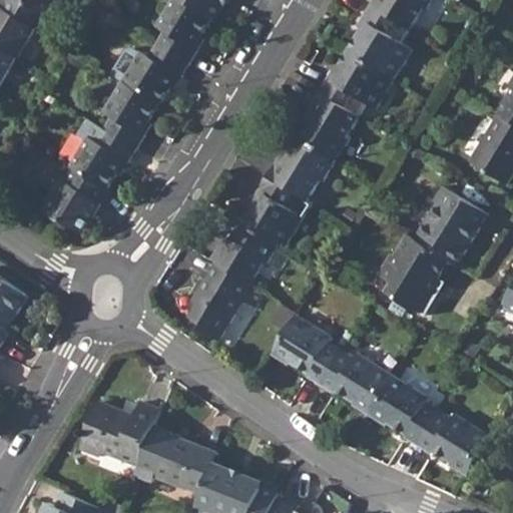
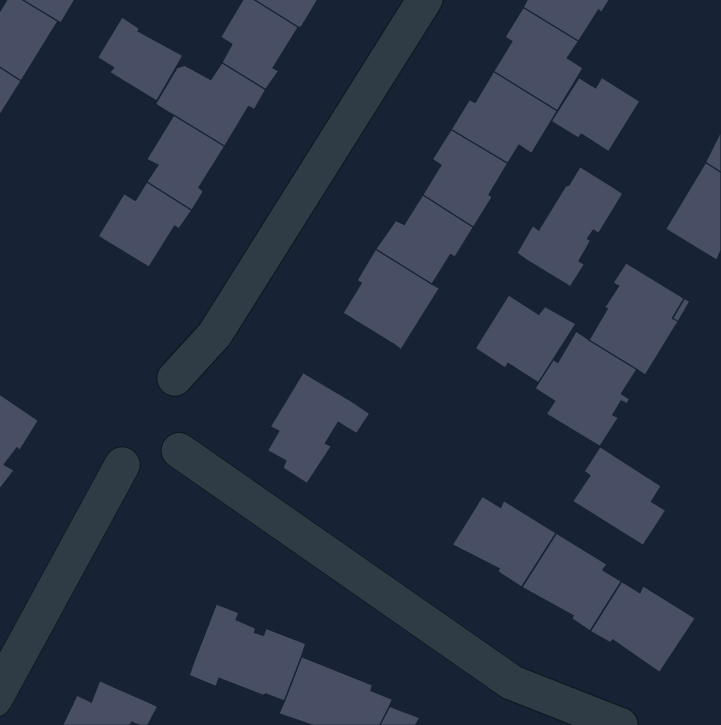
building: none -> [97,17,183,101]
building: none -> [551,77,640,152]
building: none -> [517,167,623,287]
building: [41,168,105,233] -> none
building: none -> [475,295,576,383]
building: [208,220,278,284] -> none
building: [270,315,340,384] -> none
building: none -> [573,446,666,545]
building: [77,402,158,467] -> none

